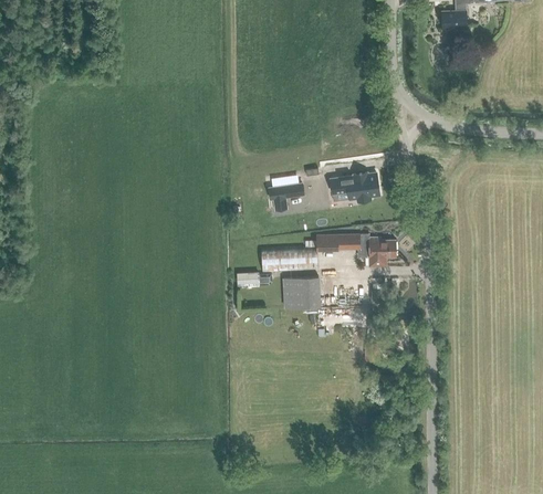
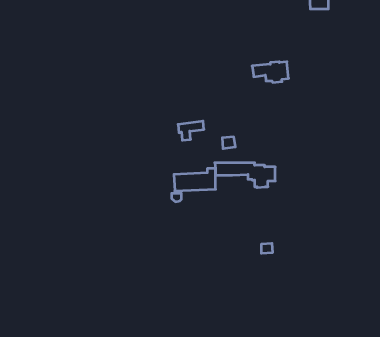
building: [333,174,382,201] -> [252,62,289,82]
building: [283,277,320,307] -> none

